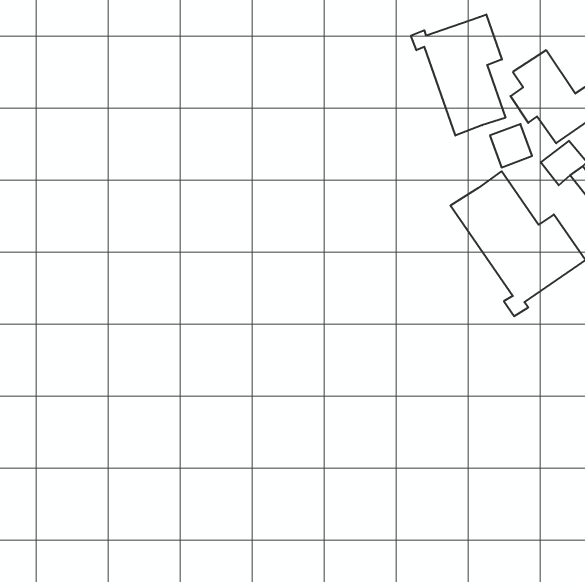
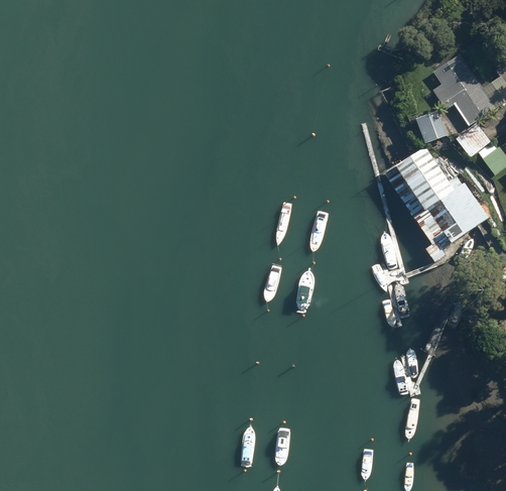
building: [411,14,505,136] -> none

